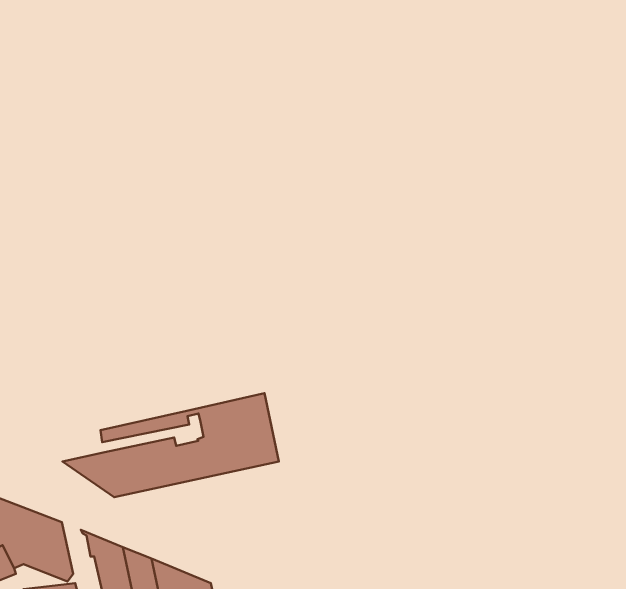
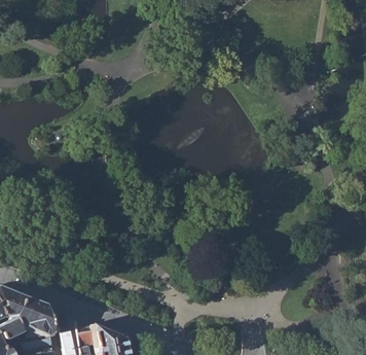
building: [63,393,279,497] -> none

